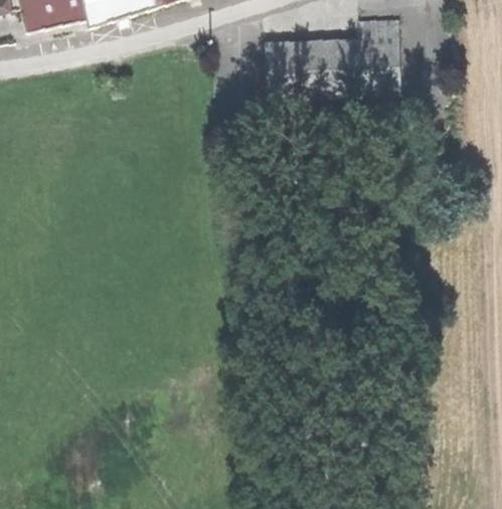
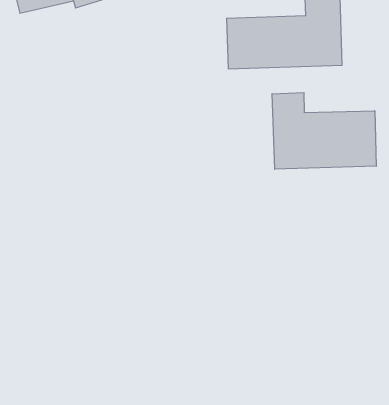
building: none -> [272,93,376,169]

